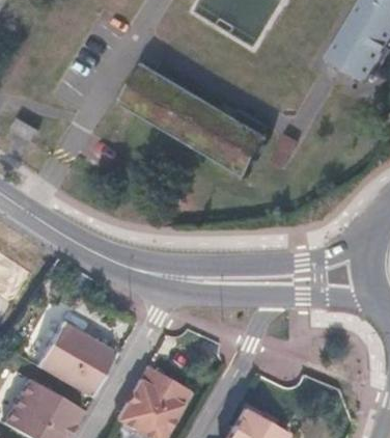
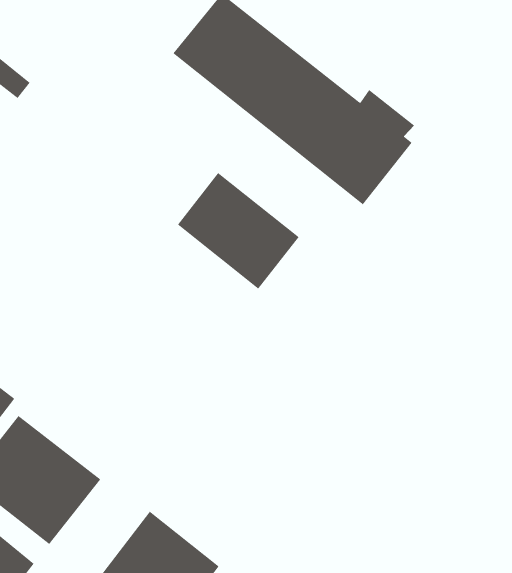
building: none -> [177,172,299,289]

